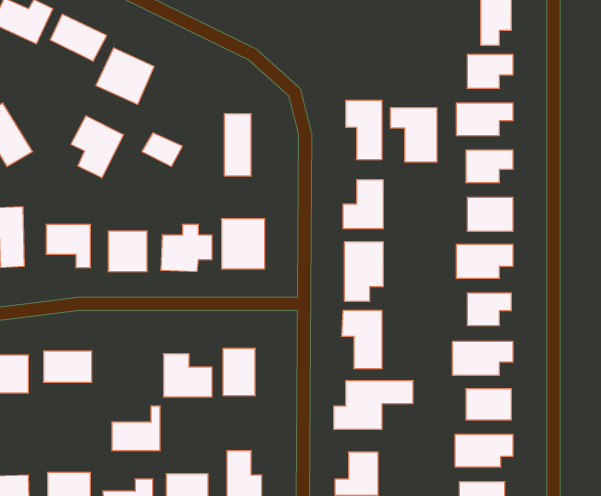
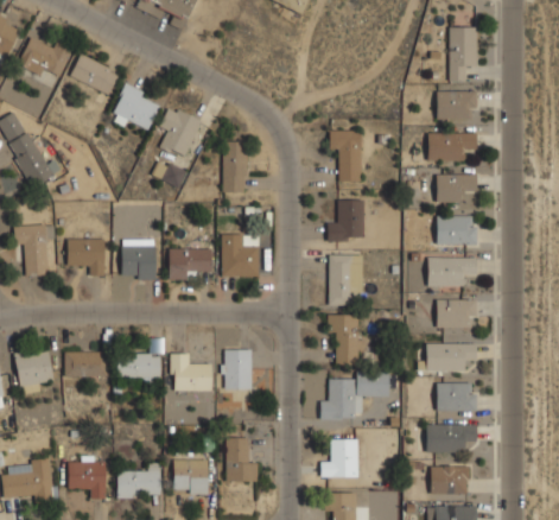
building: [390,108,437,162] -> none
building: [71,116,124,178] -> [157,104,203,159]
building: [112,406,160,451] -> [117,340,160,379]

